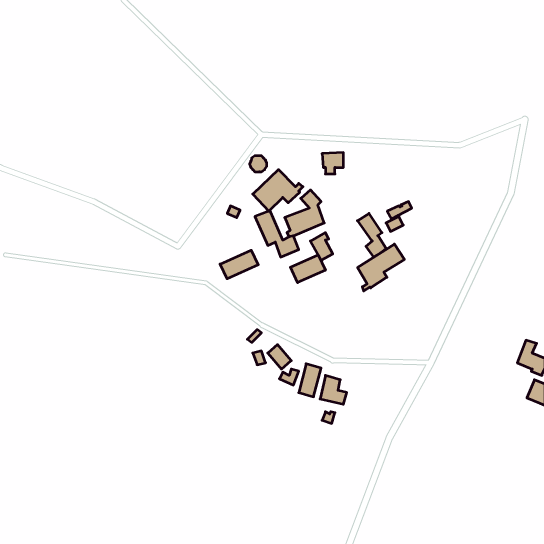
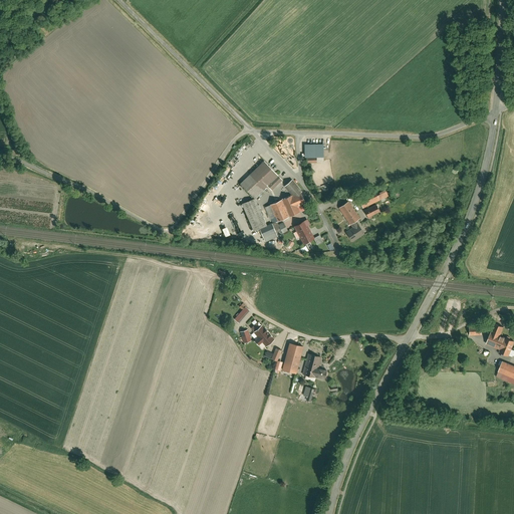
building: [358,244,404,291] -> none
building: [220,250,258,279] -> none
building: [290,255,325,283] -> none

